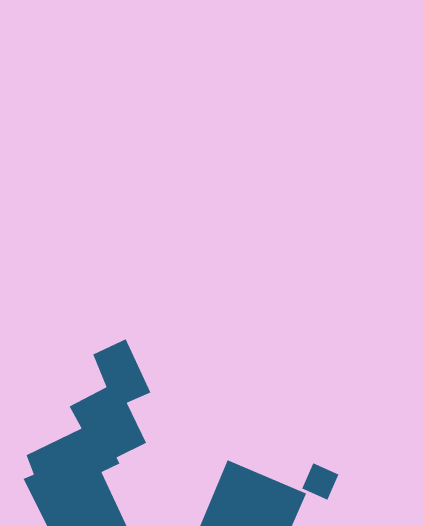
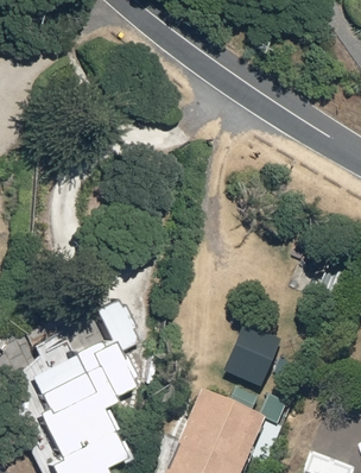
building: none -> [226,324,281,387]

